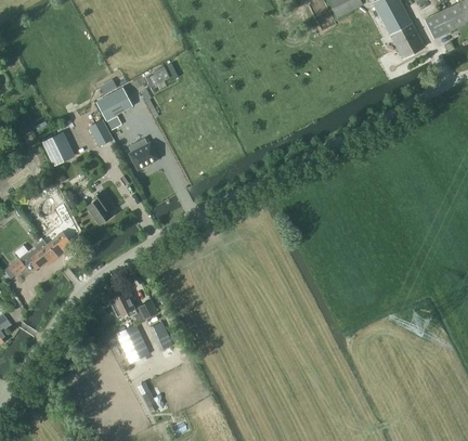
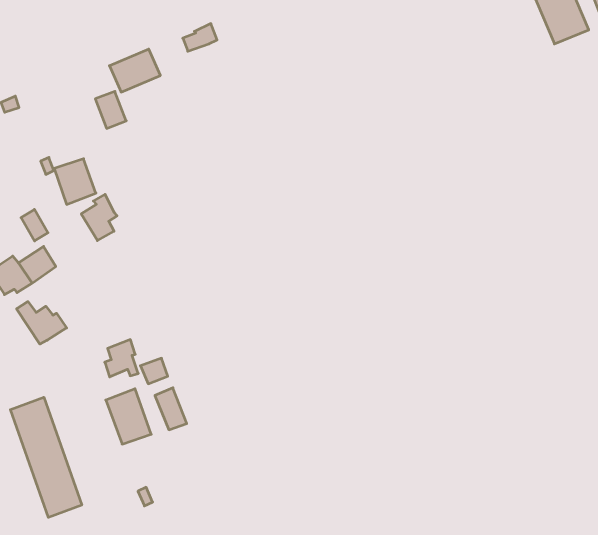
building: [42,133,73,166] -> [54,159,96,204]
building: [129,140,158,170] -> none
building: none -> [17,302,67,344]
building: none -> [10,397,82,517]

